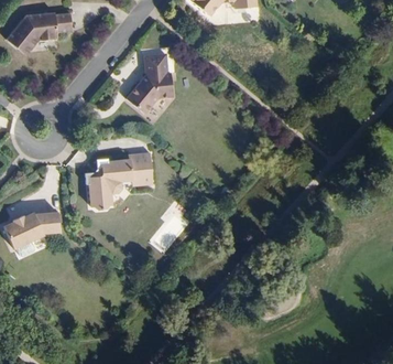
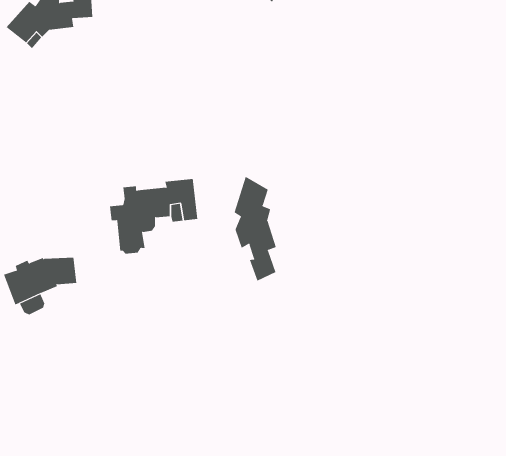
building: [129,51,175,110] -> none
building: none -> [234,176,276,282]

